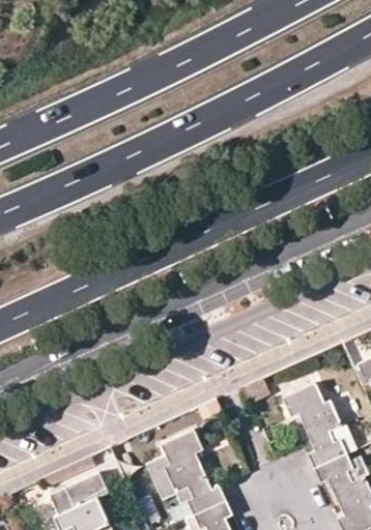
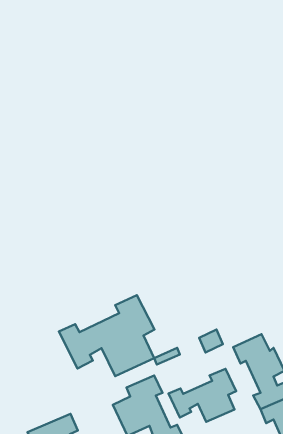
building: none -> [59,295,154,376]
building: none -> [169,369,236,422]

